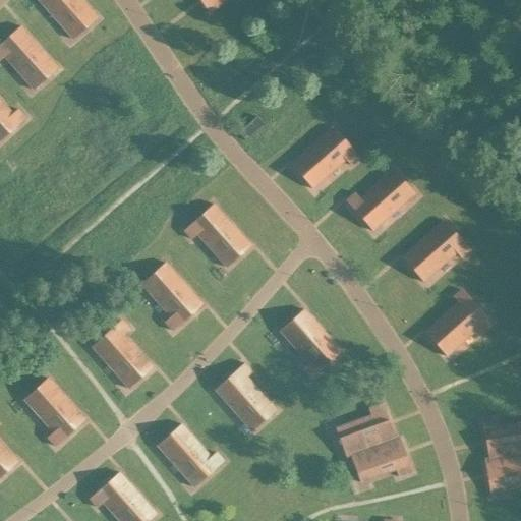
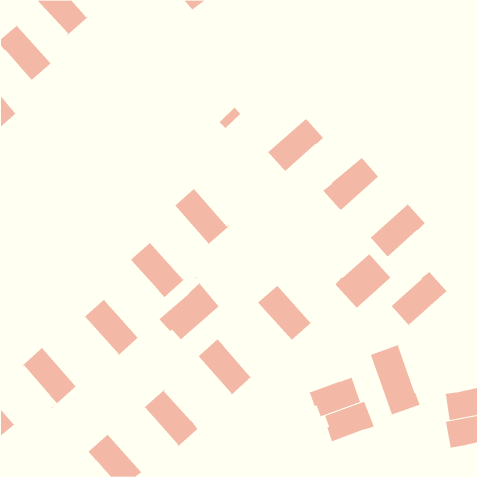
building: none -> [328,252,392,310]
building: none -> [157,276,221,346]
building: none -> [368,344,429,416]

